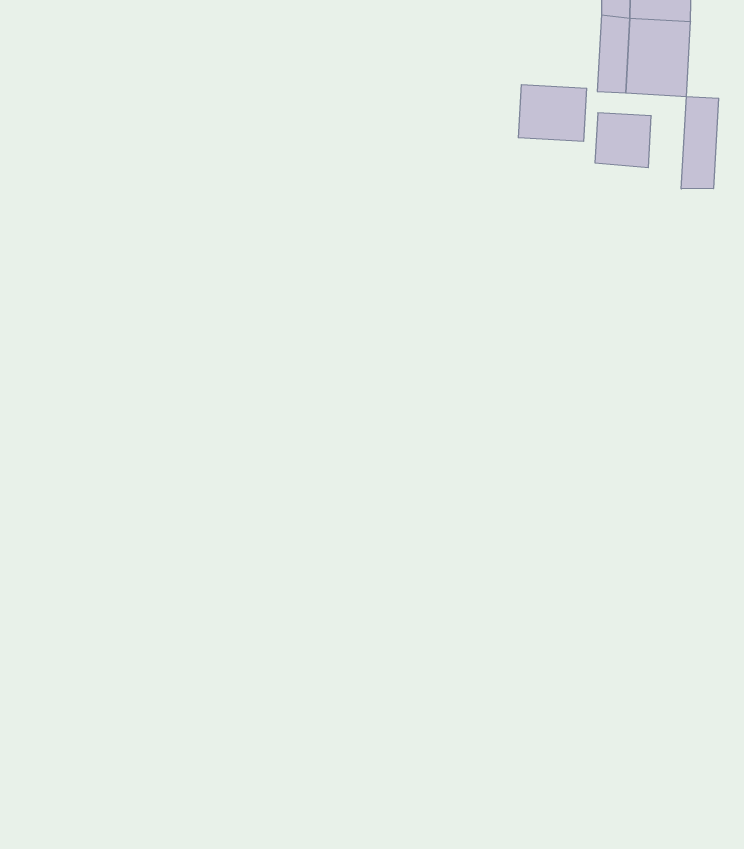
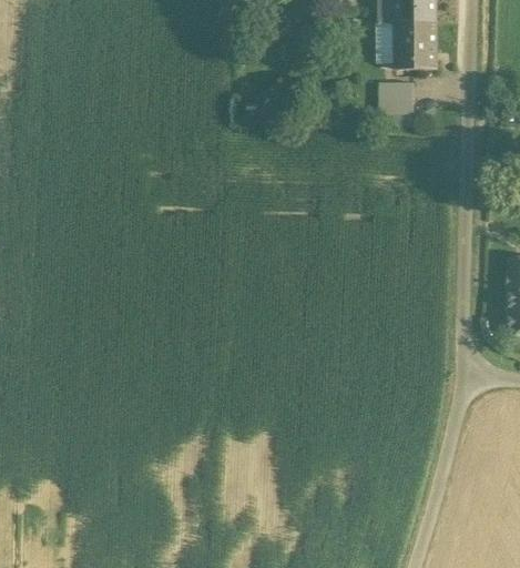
building: [518,85,587,141] -> none
building: [681,96,719,189] -> none

